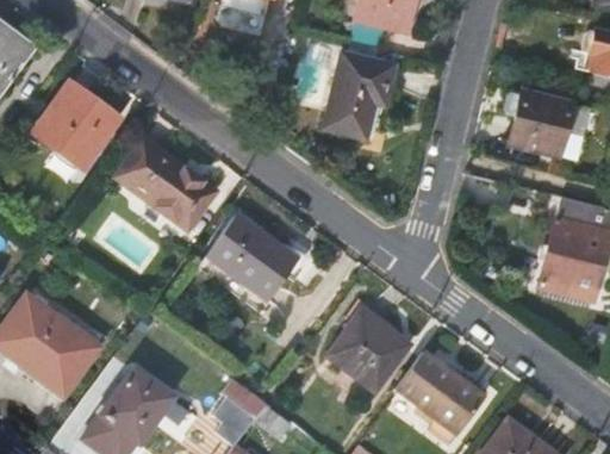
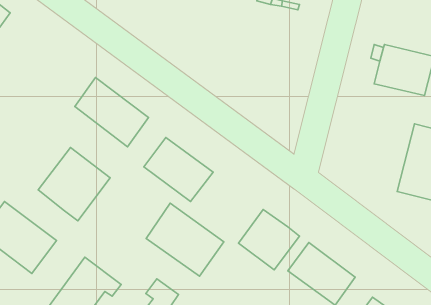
building: [323,54,393,141] -> none
building: [33,81,120,168] -> none
building: none -> [38,148,110,221]
building: none -> [146,203,224,276]

